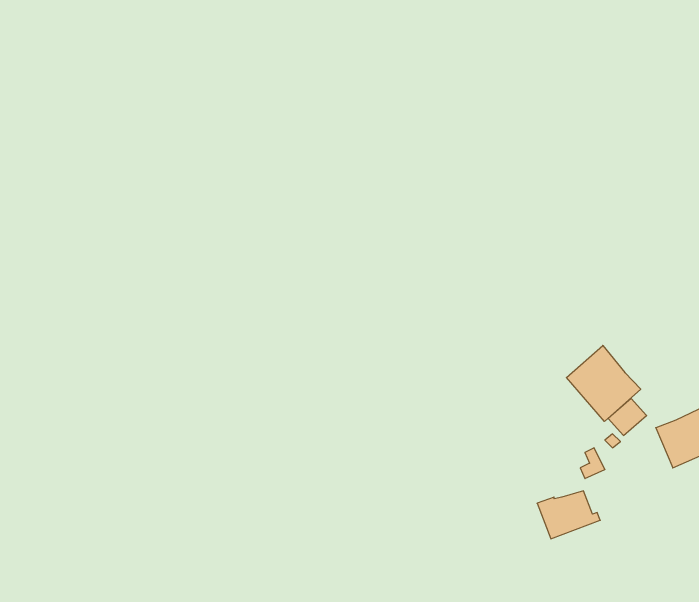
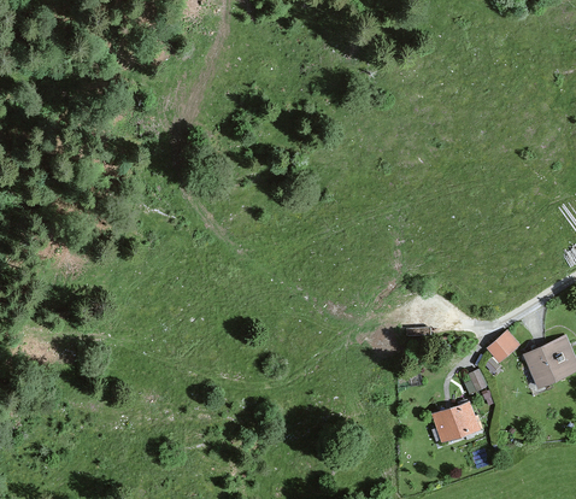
building: [566,345,641,421] -> none

